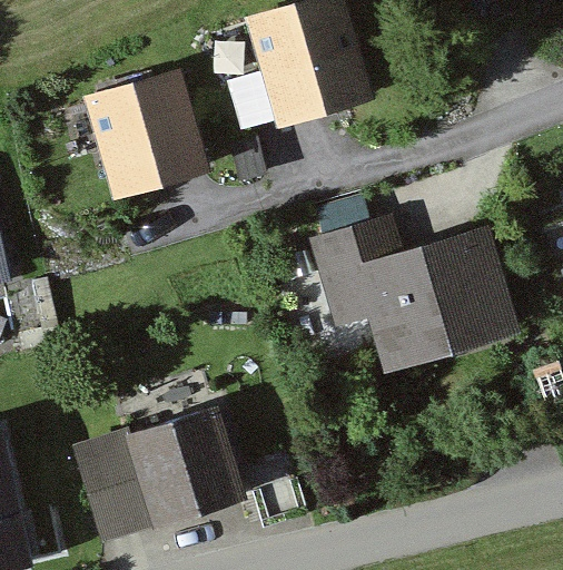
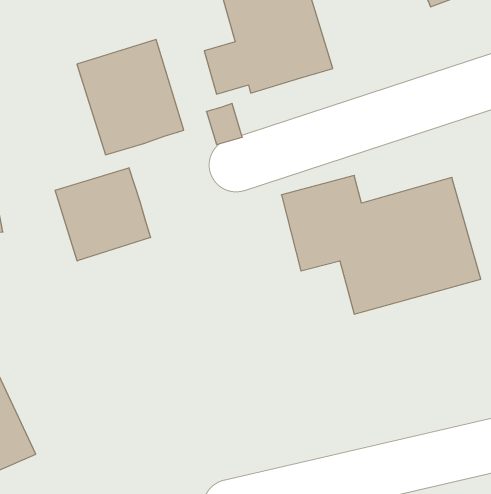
building: none -> [55,168,150,261]
building: [71,405,240,543] -> none

